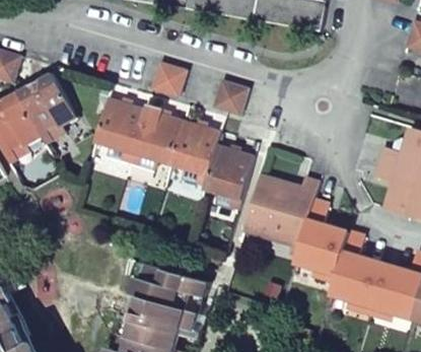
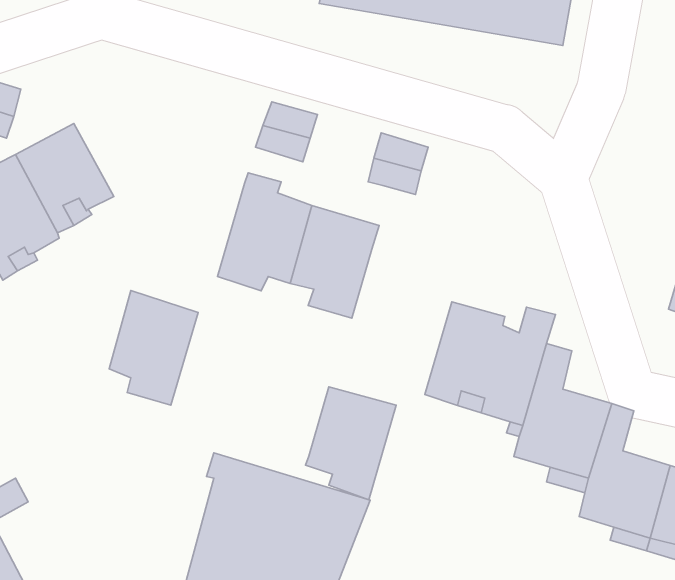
building: [95,95,145,159] -> [109,291,198,405]
building: [203,144,254,207] -> [305,387,396,500]

